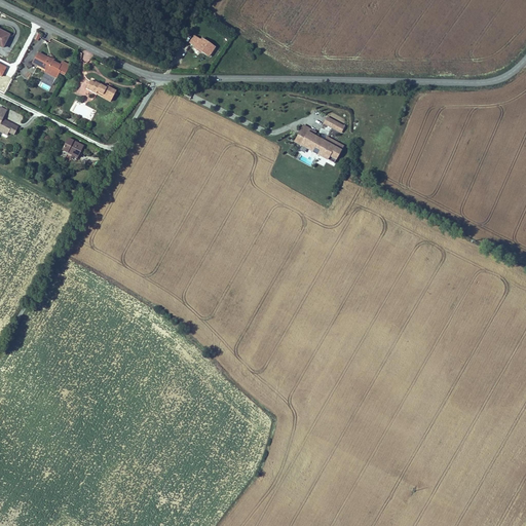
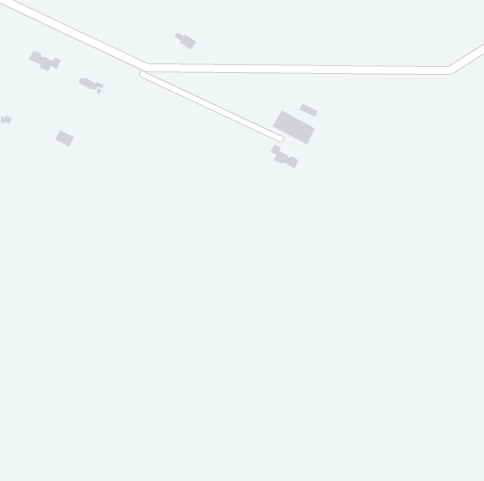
building: none -> [269,143,300,170]

